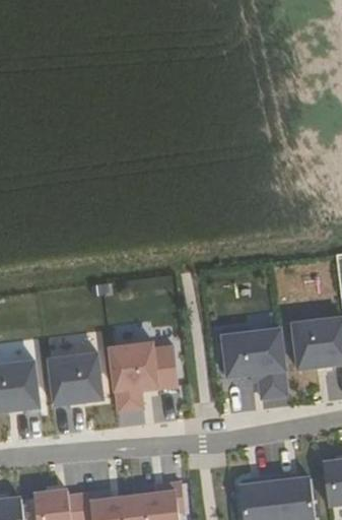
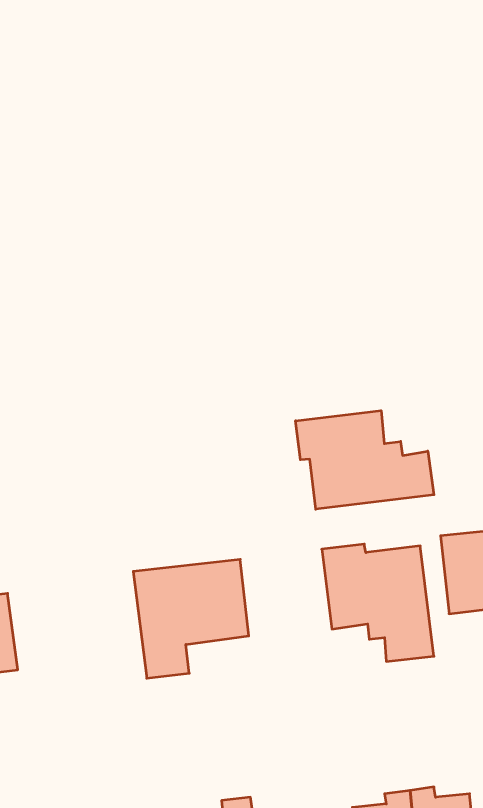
building: none -> [296,411,434,509]
building: [47,351,104,403] -> none

